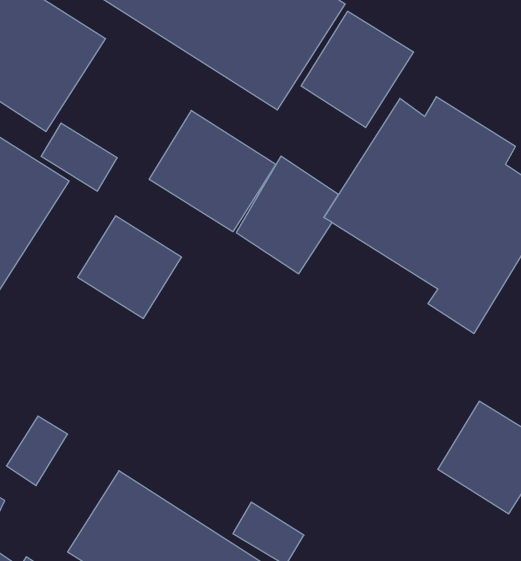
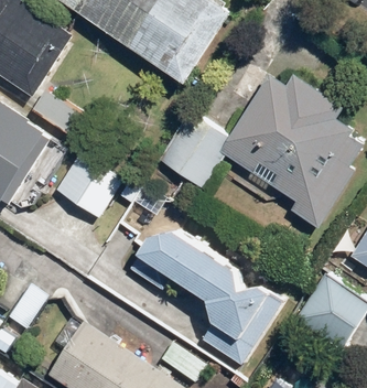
building: [301,11,414,128] -> none
building: [149,110,276,232] -> none
building: none -> [122,222,282,370]

